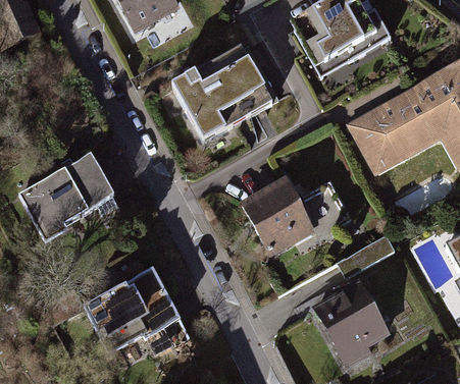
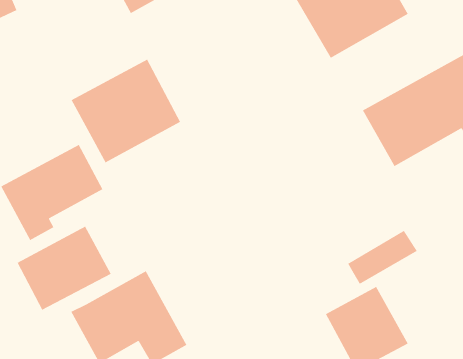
building: [173,44,274,140] -> [71,58,181,164]
building: [238,179,314,258] -> none
building: none -> [16,226,112,311]

